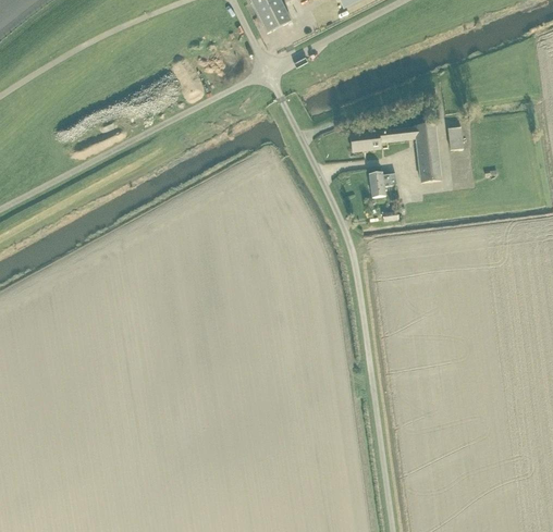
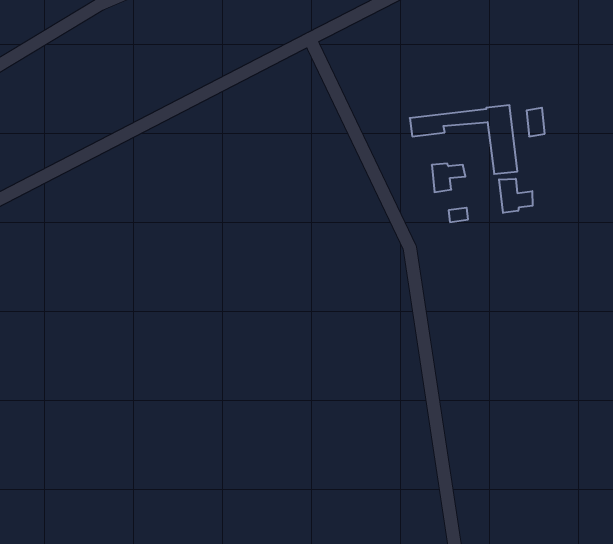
building: none -> [499,179,533,213]

